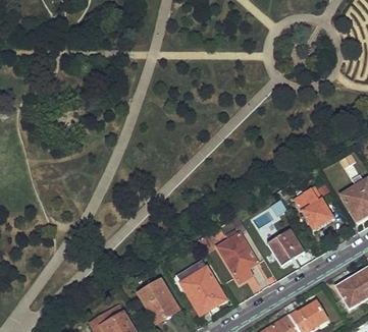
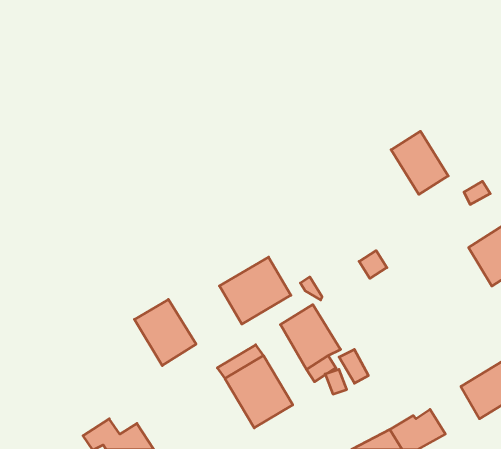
building: [296,186,333,228] -> [391,131,448,194]
building: none -> [219,257,291,324]
building: [267,228,305,265] -> none
building: [138,279,178,323] -> [134,299,196,366]

